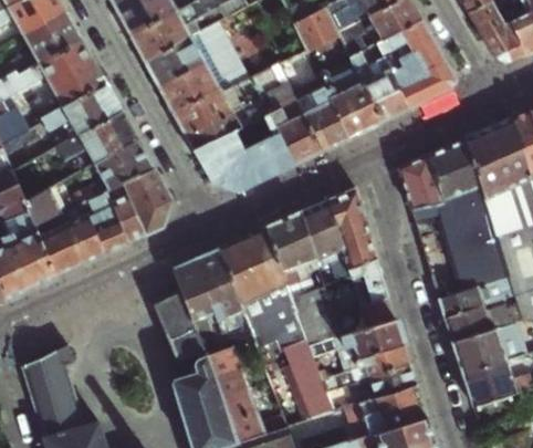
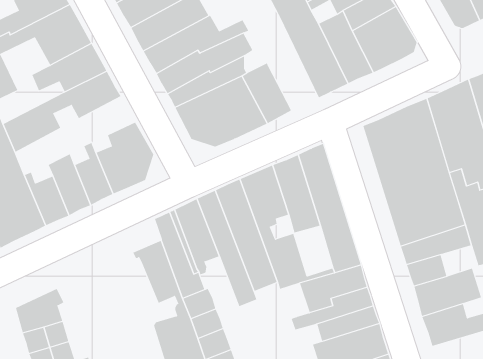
building: [293,49,349,152] -> none
building: [65,136,151,204] -> none
building: [280,337,331,416] -> none

